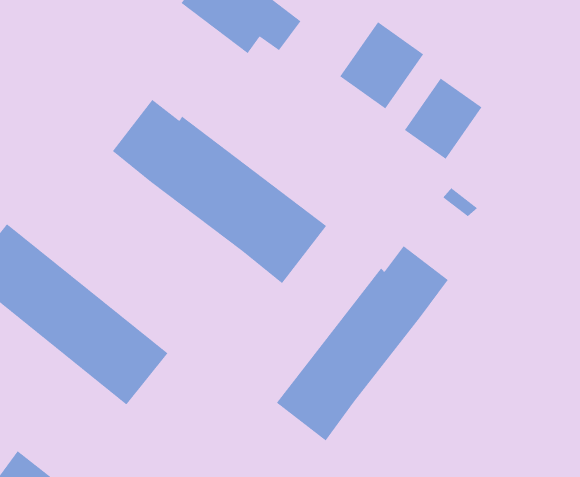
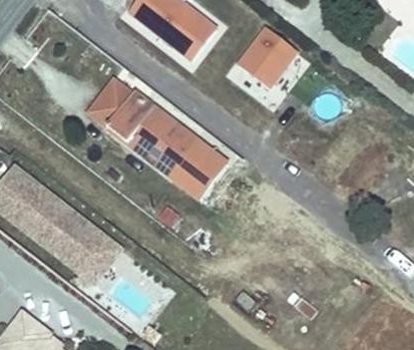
building: [404,78,483,160] -> none
building: [276,245,449,441] -> none

